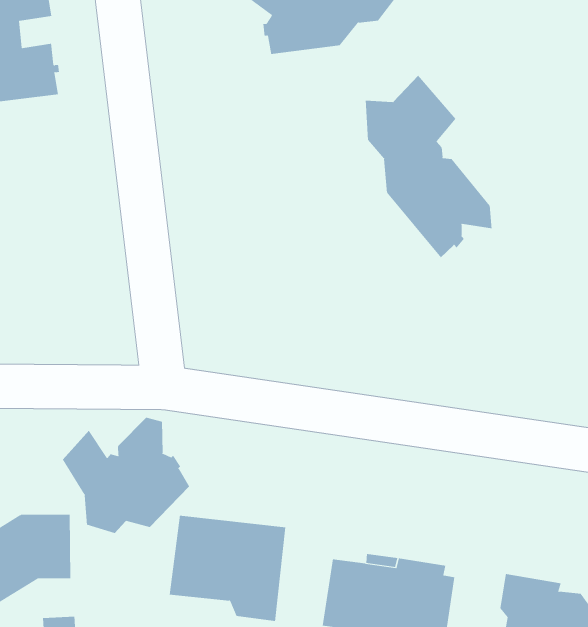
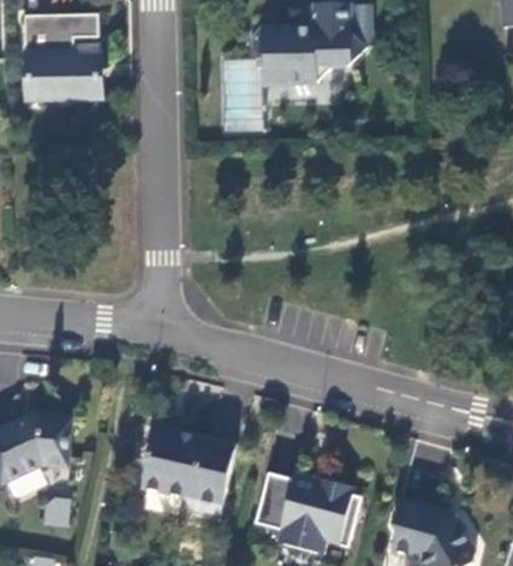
building: [365,75,492,258] -> none
building: [62,417,190,534] -> none

